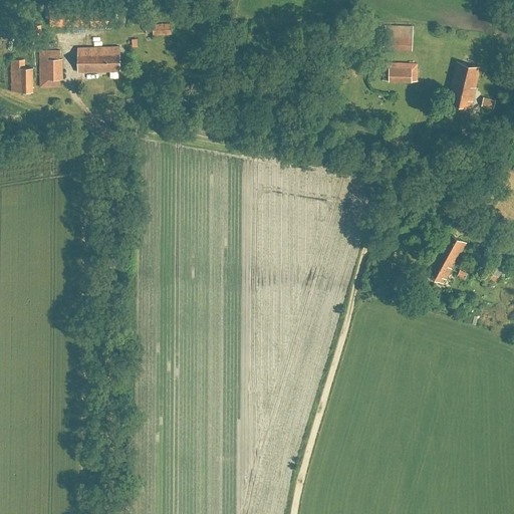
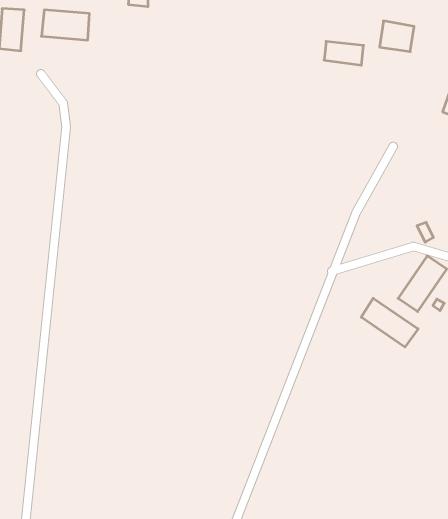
building: [383,64,418,82] -> [324,41,364,65]
building: none -> [361,298,418,347]

